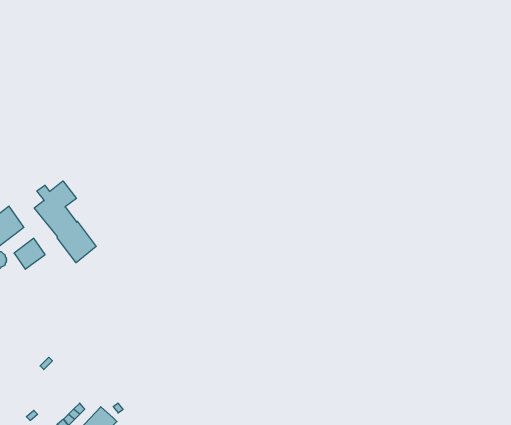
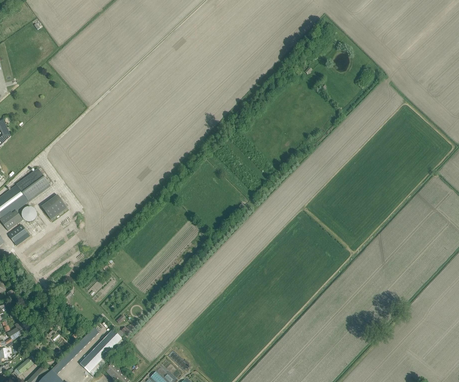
building: [34,181,96,263] -> none

